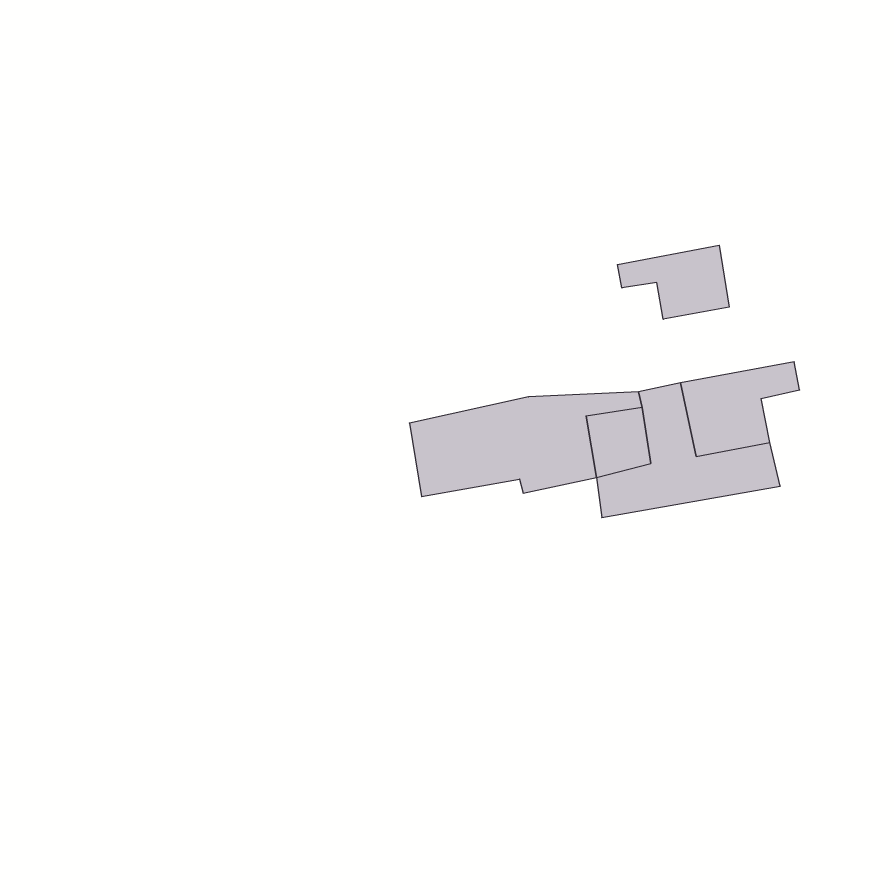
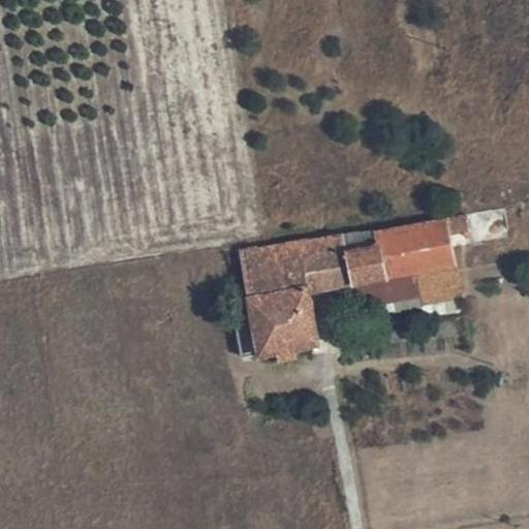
building: [617,245,729,319] -> none
building: none -> [232,285,317,356]

